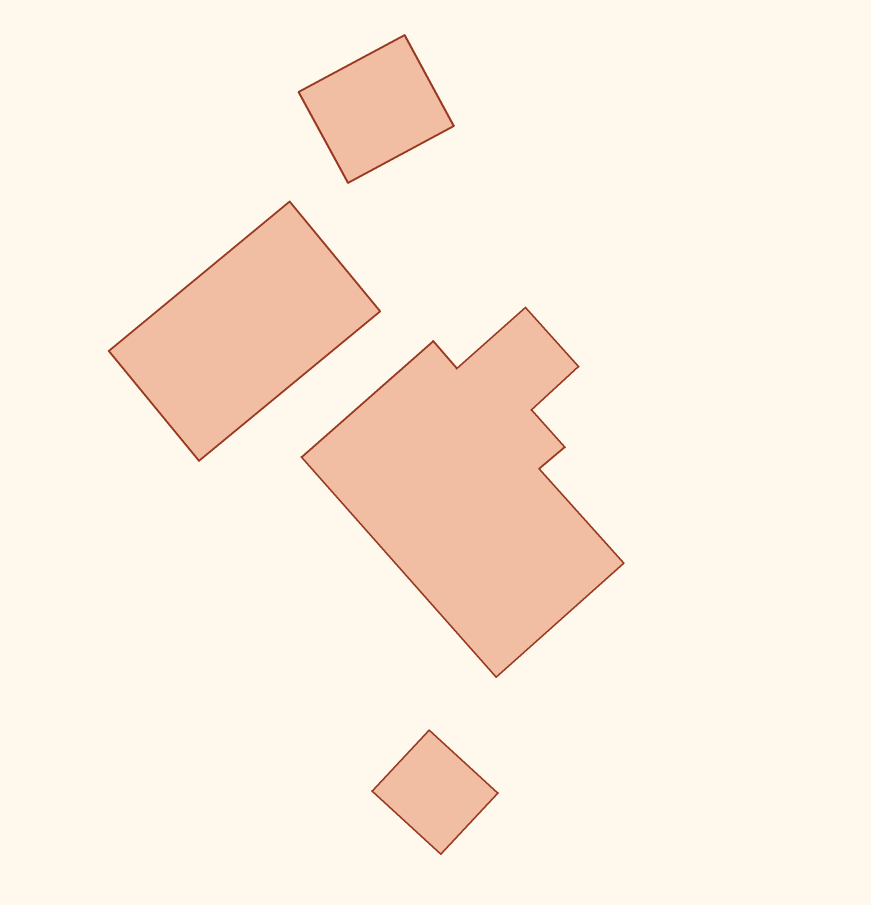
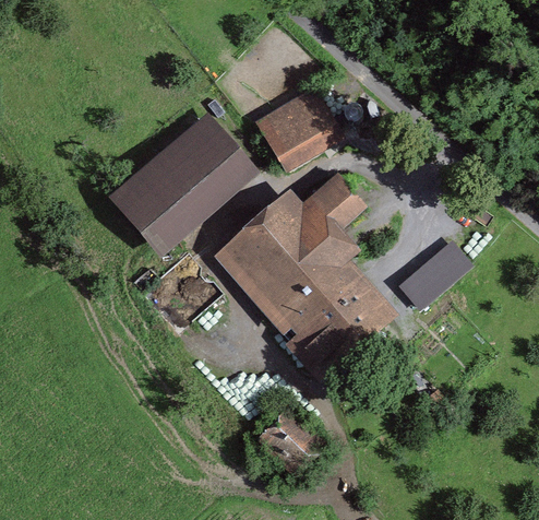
building: [299,35,454,183] -> [256,90,343,172]
building: none -> [400,232,479,305]

